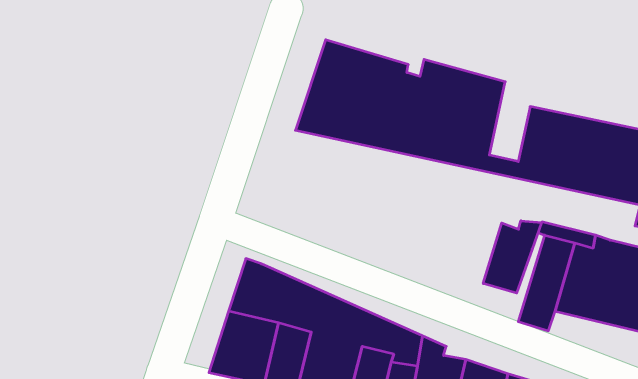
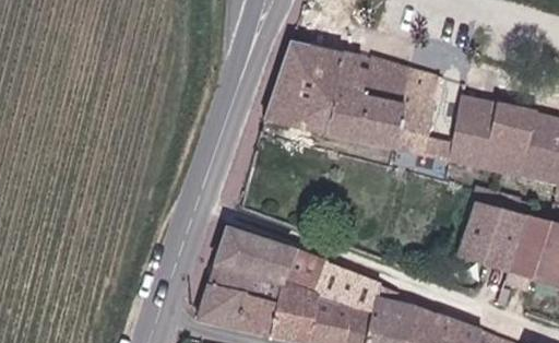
building: [483,221,542,293] -> none

